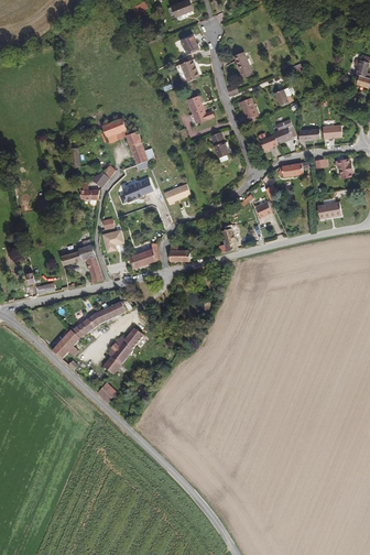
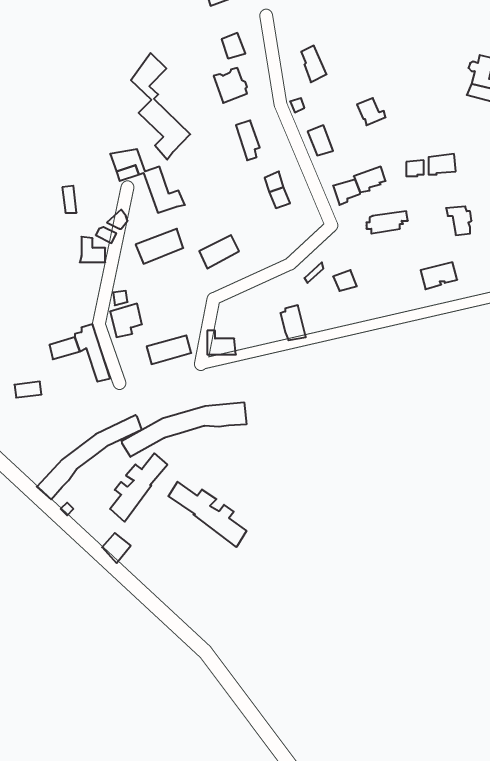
building: none -> [131,53,190,160]
building: none -> [122,402,246,457]
building: none -> [168,482,246,547]

